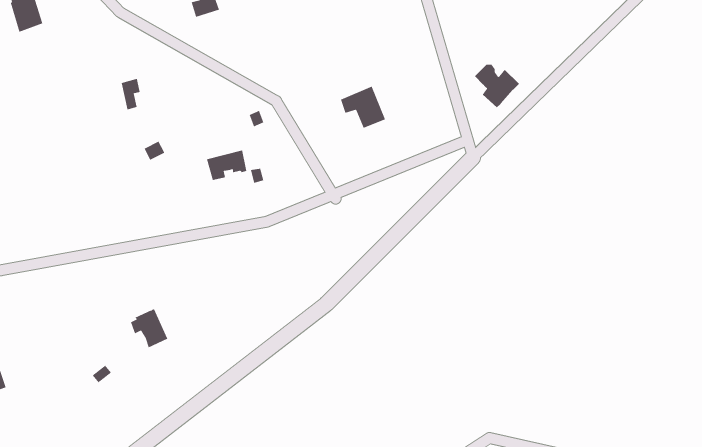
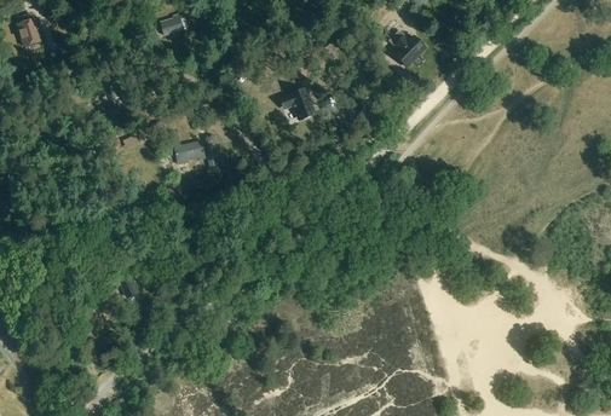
building: [474,64,520,108] -> [387,33,423,68]

